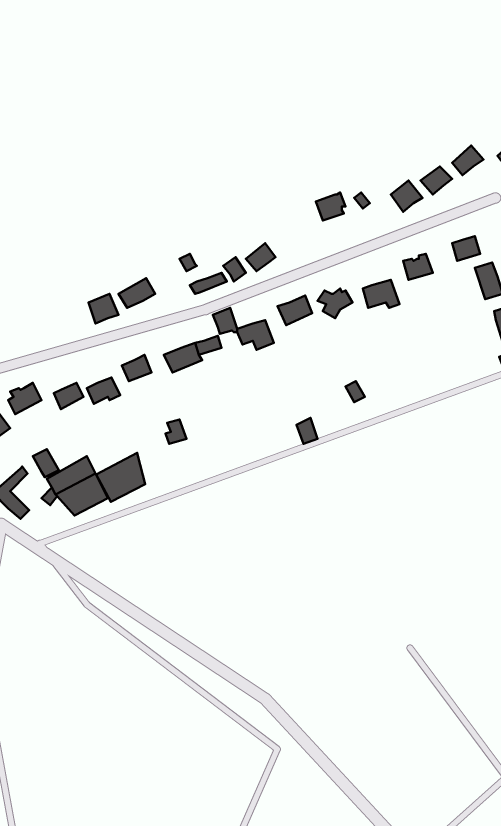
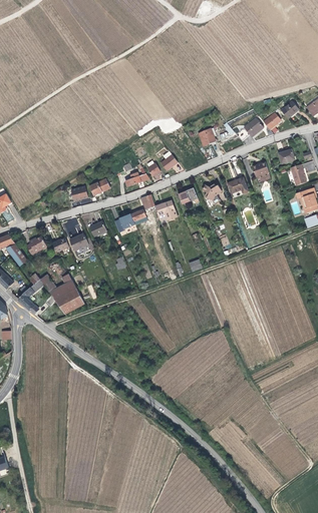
building: [96,453,145,502] -> none

